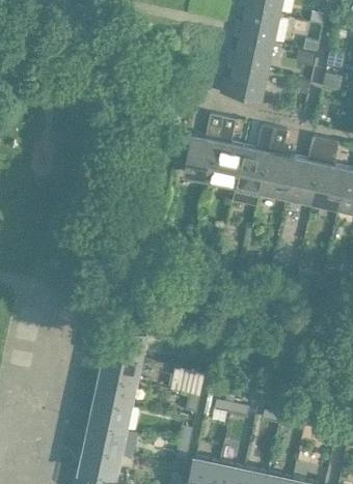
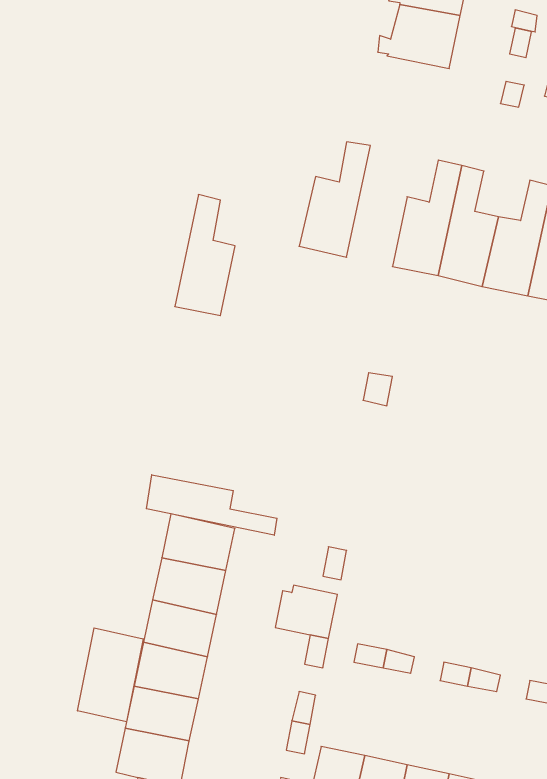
building: [219,67,267,104] -> none
building: [209,118,243,187] -> [175,195,235,316]
building: none -> [146,475,277,535]
building: none -> [78,628,143,722]

